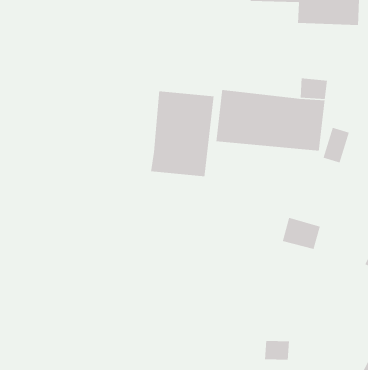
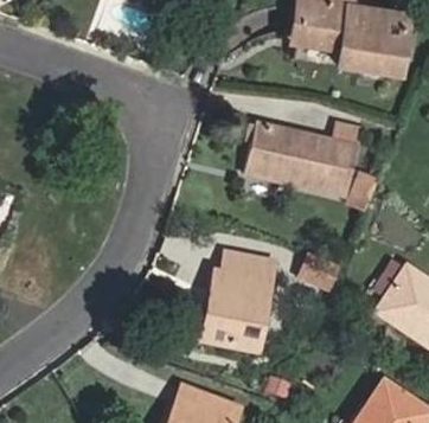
building: [150,90,215,177] -> none
building: none -> [200,250,273,351]

